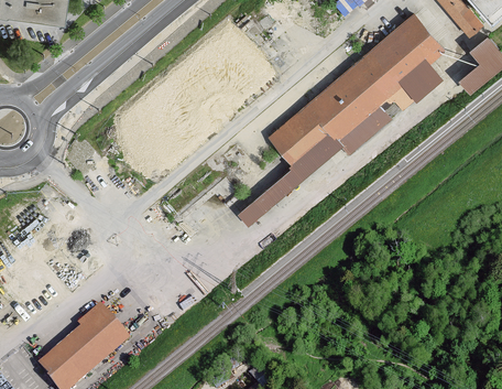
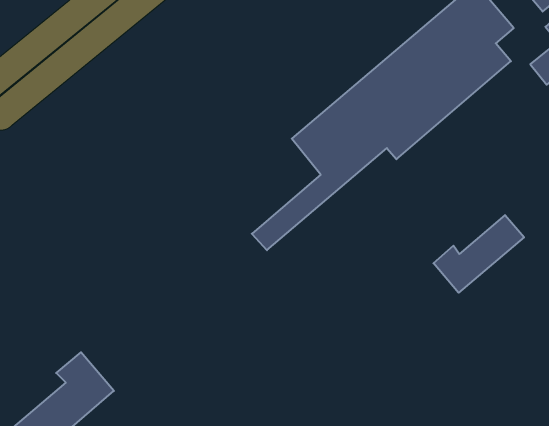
building: none -> [433,215,524,293]

